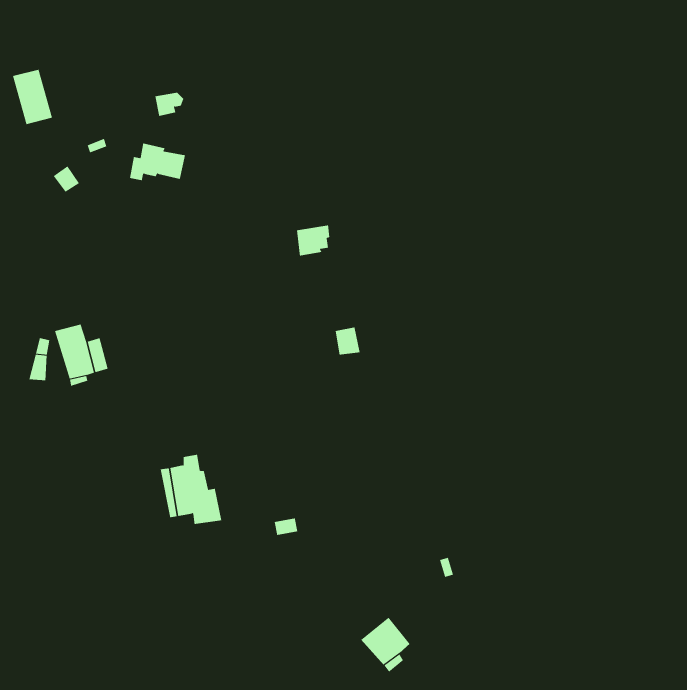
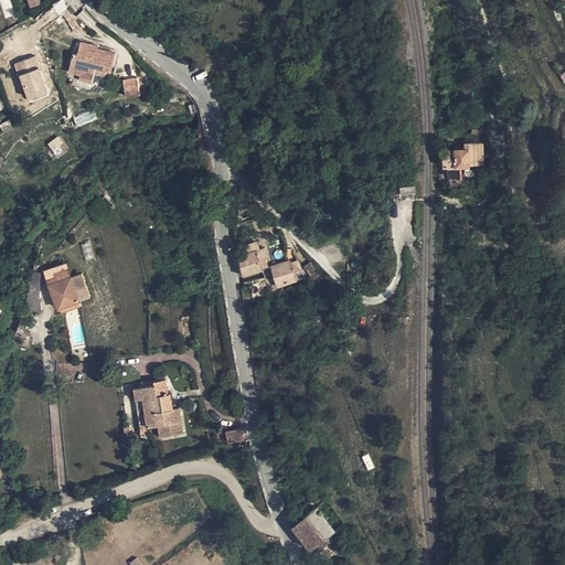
building: [129,143,186,181] -> [73,42,119,73]
building: none -> [444,152,476,178]
building: [296,225,330,256] -> [242,248,269,274]

